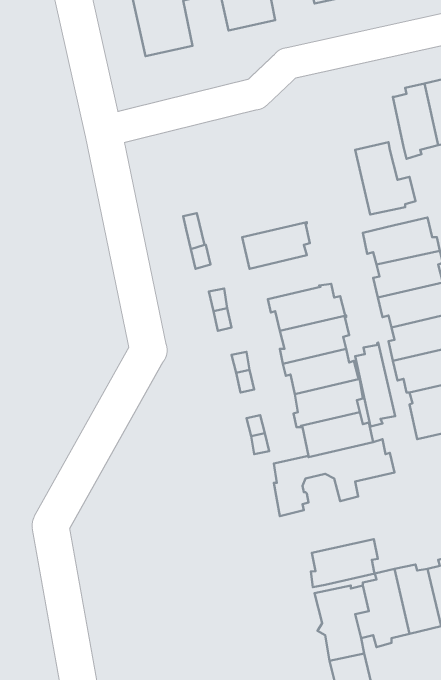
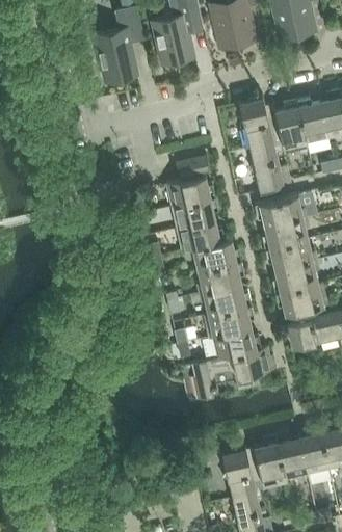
building: none -> [238,98,282,148]
building: none -> [165,156,215,208]
building: none -> [176,220,225,252]
building: [355,343,395,427] -> none
building: [311,539,378,587] -> none

